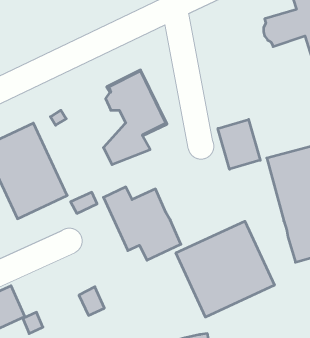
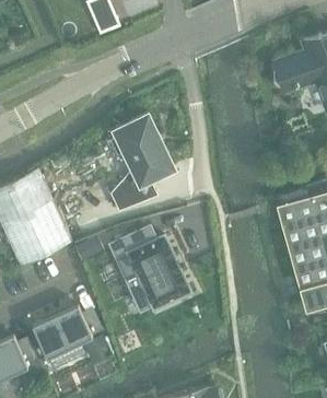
building: [218,119,260,169] -> none
building: [176,221,274,317] -> none
building: none -> [33,305,93,371]

